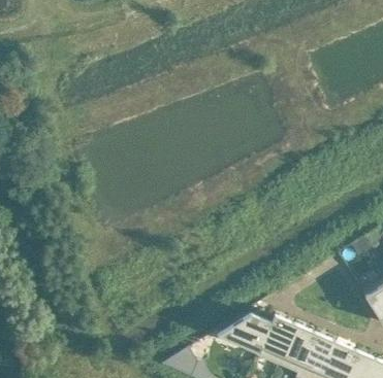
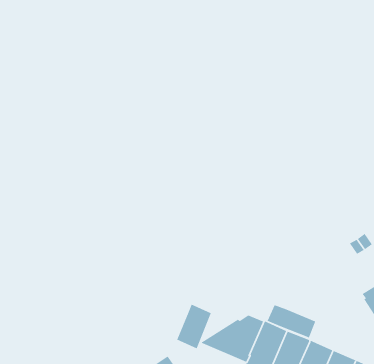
building: none -> [176,304,212,349]
building: none -> [267,304,316,339]

